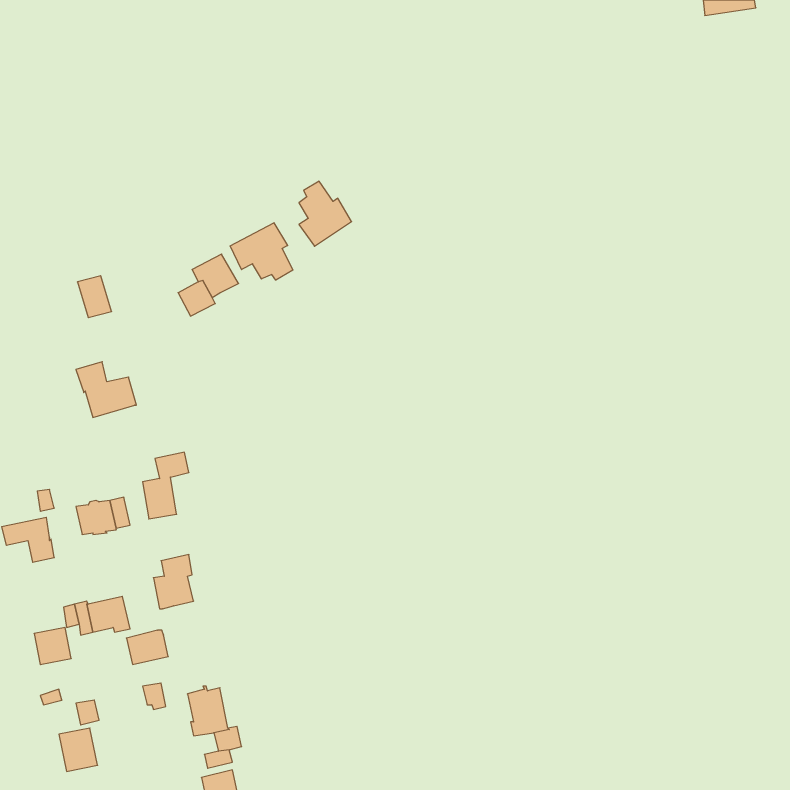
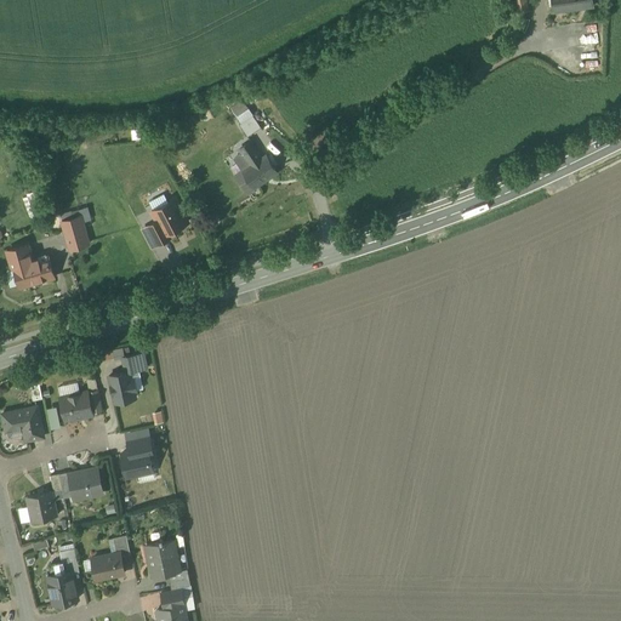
building: [230,223,293,280] -> none
building: [76,362,136,417] -> [6,245,53,289]
building: [126,630,168,664] -> [91,553,124,580]

